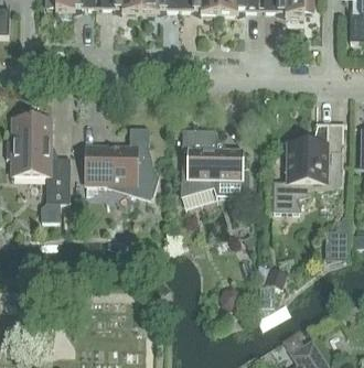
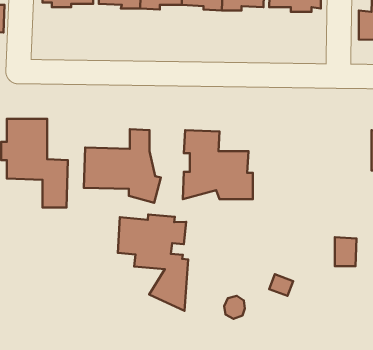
building: [271,122,345,209] -> none
building: none -> [118,214,188,311]

